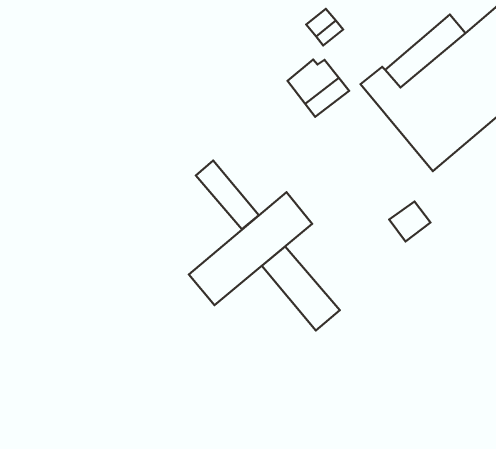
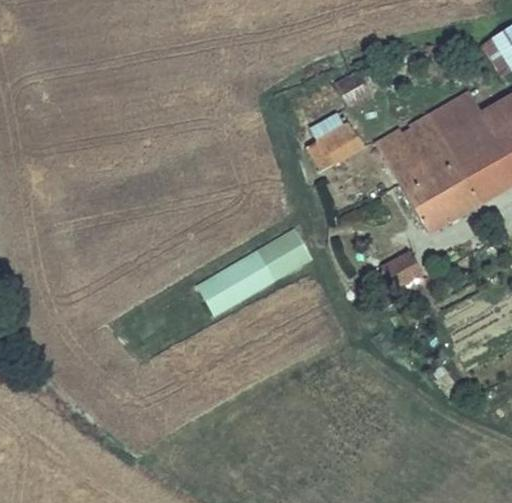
building: [196,161,259,229] -> none
building: [262,247,340,330] -> none

